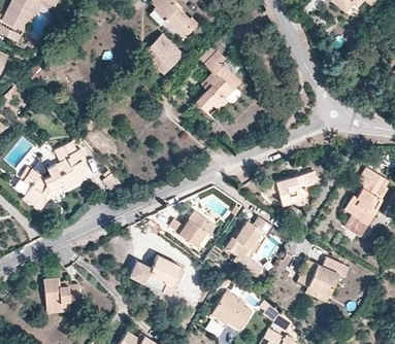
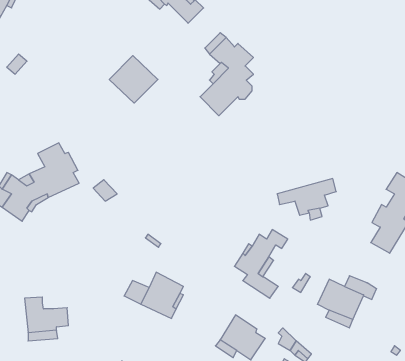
building: [142,33,185,74] -> [109,56,158,103]
building: [169,210,216,246] -> none

